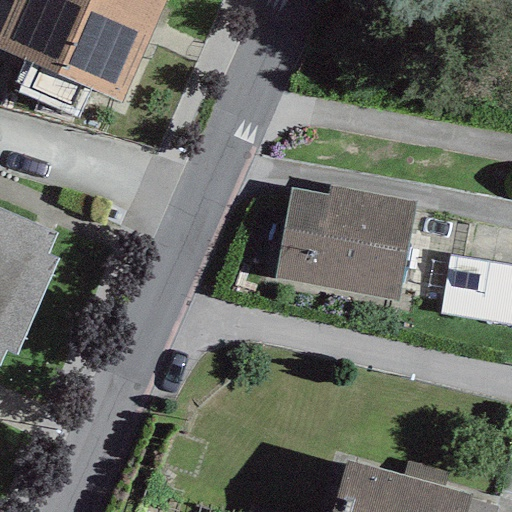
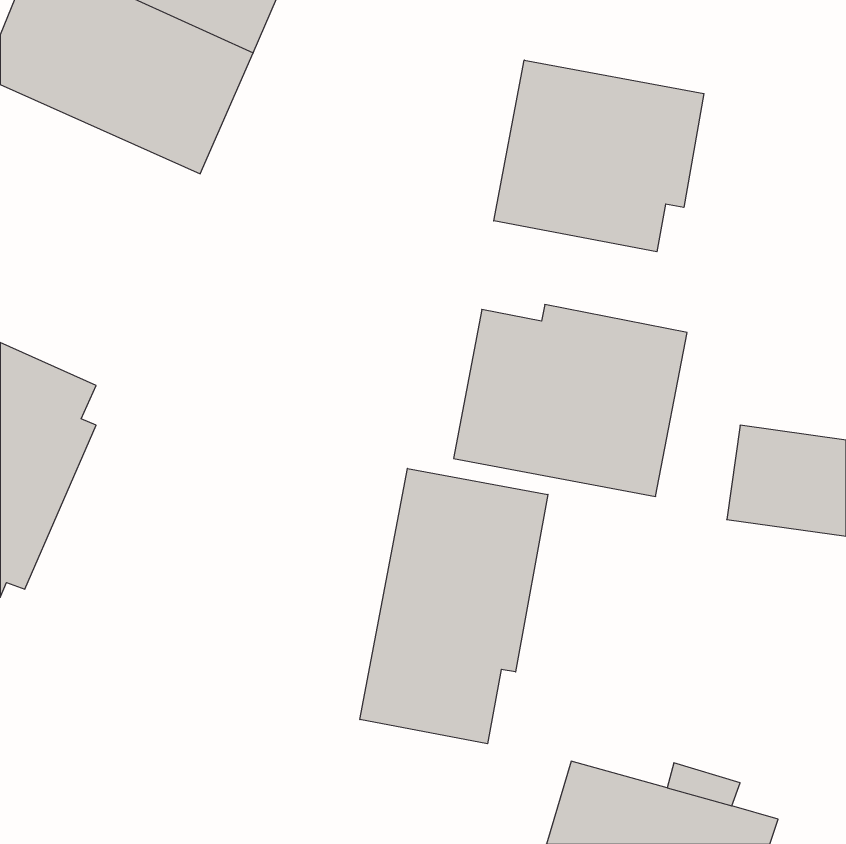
building: none -> [494,60,704,252]
building: none -> [360,468,548,744]

